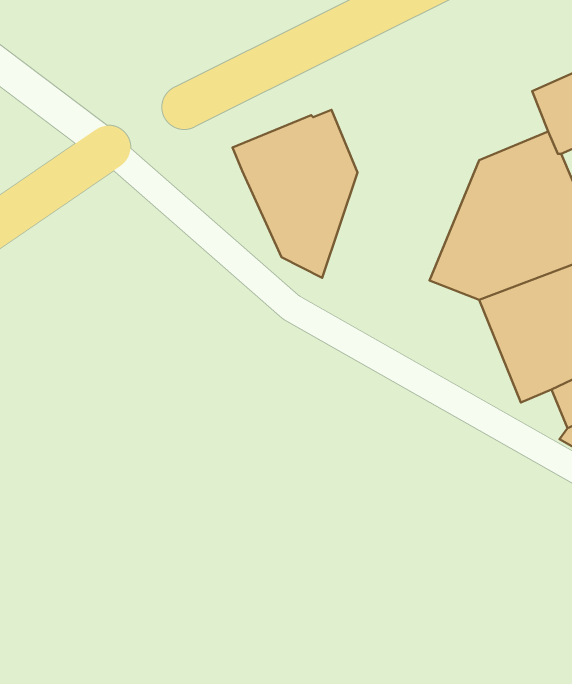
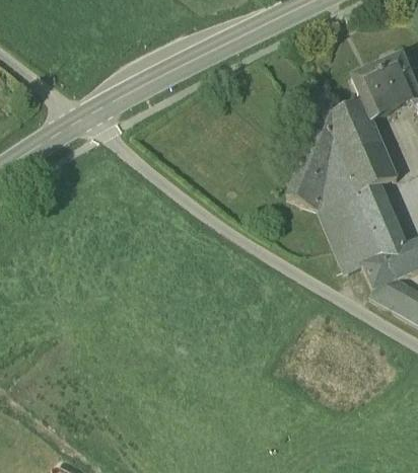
building: [233,110,358,278] -> none

